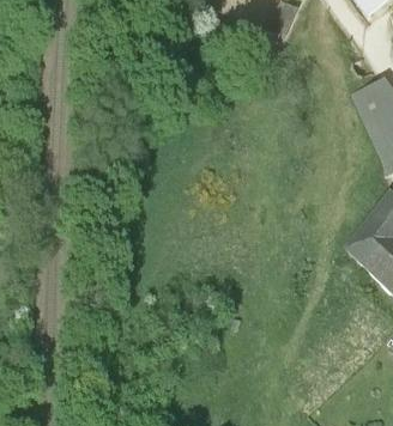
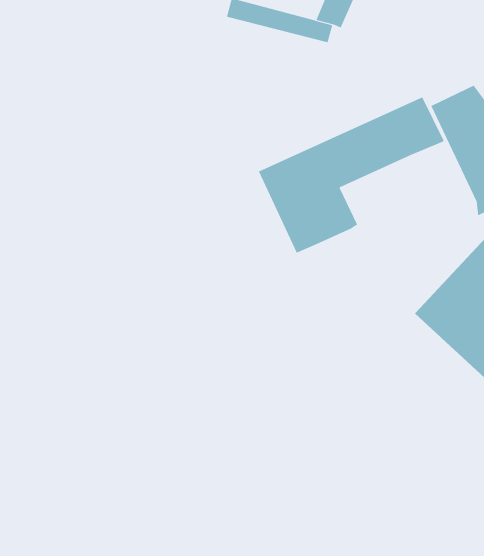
building: none -> [258,97,444,254]

